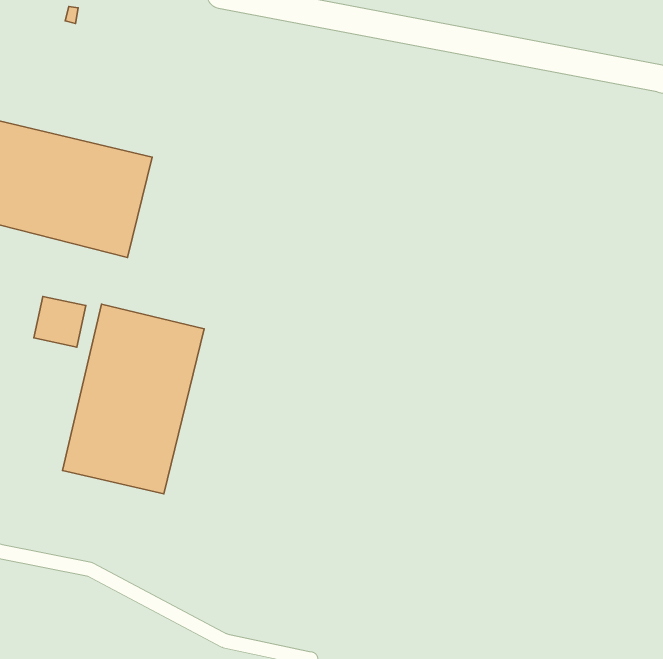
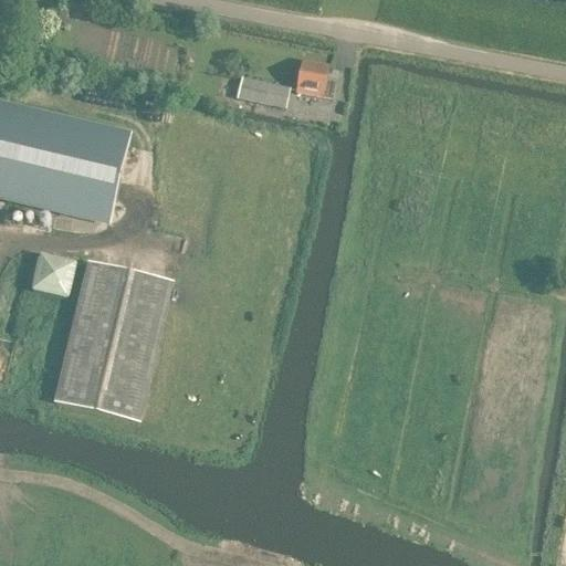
building: none -> [295,59,334,96]
building: none -> [235,75,290,105]

